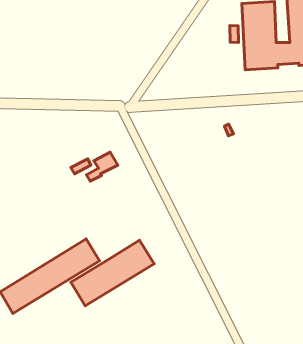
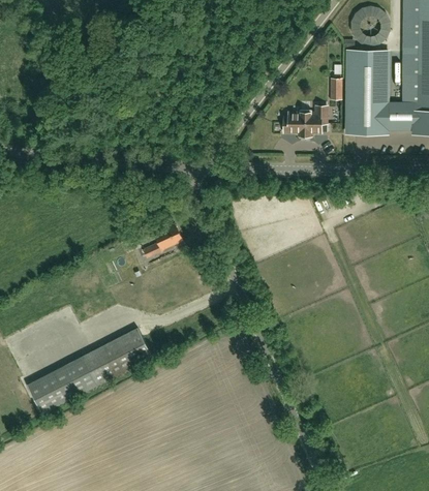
building: none -> [284,104,327,134]
building: [71,240,154,306] -> none

